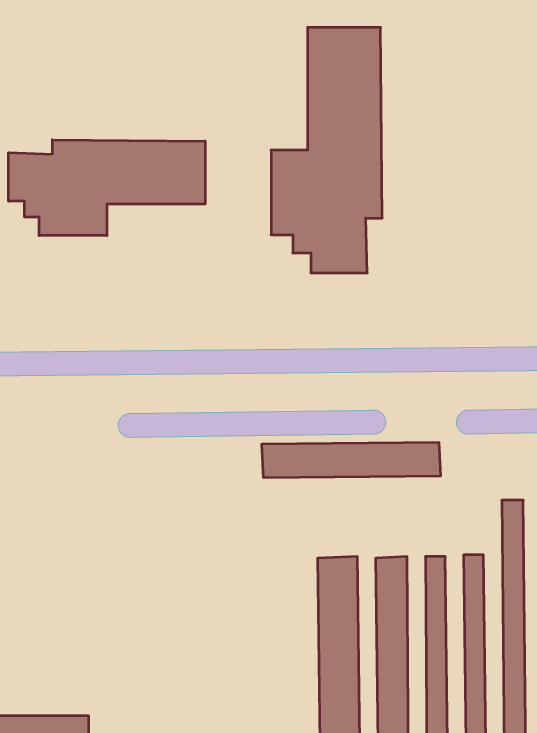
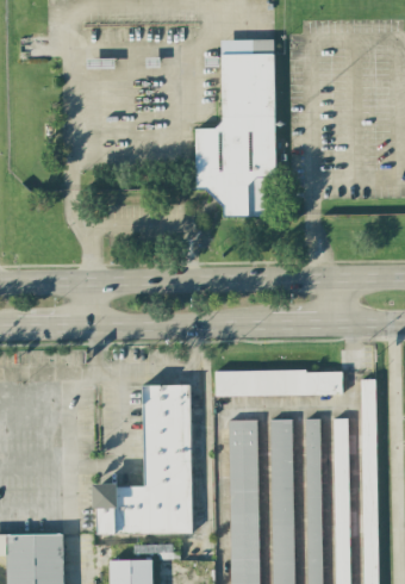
building: [9,140,205,236] -> none
building: [262,443,441,477] -> [214,371,343,396]
building: none -> [95,385,193,534]

